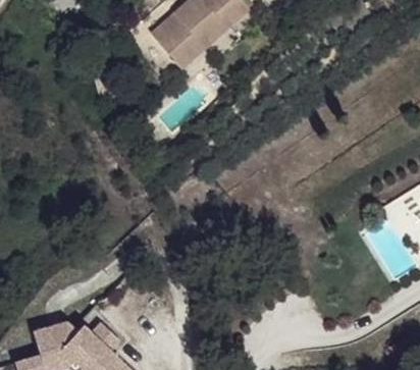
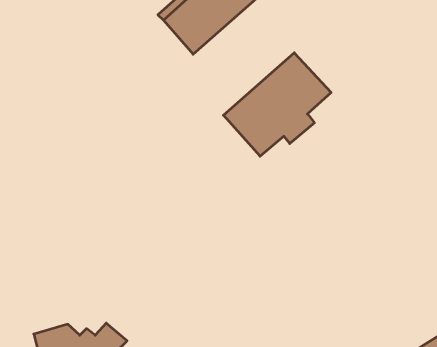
building: none -> [223,53,331,156]

